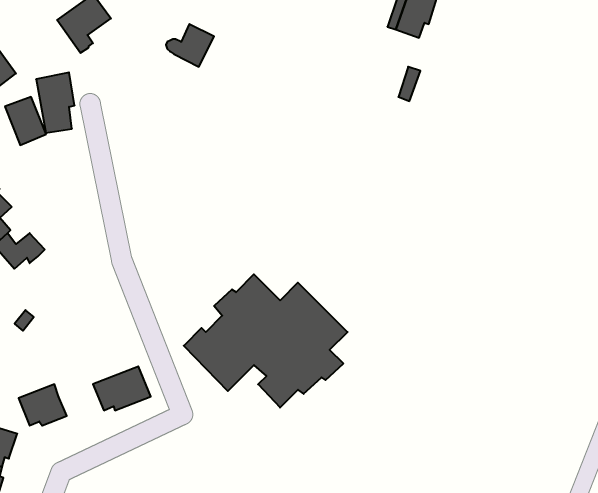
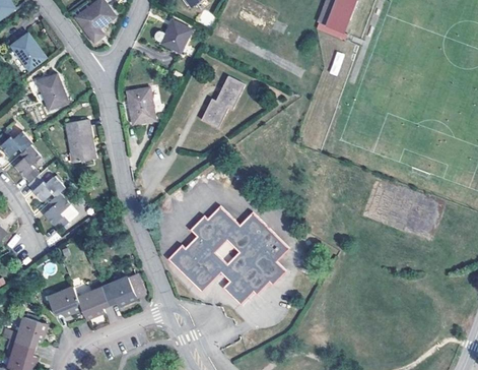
building: [36,72,75,133] -> [65,117,93,162]
building: none -> [201,76,244,127]
building: none -> [127,86,155,122]
building: none -> [45,191,71,230]
building: none -> [76,286,110,318]

